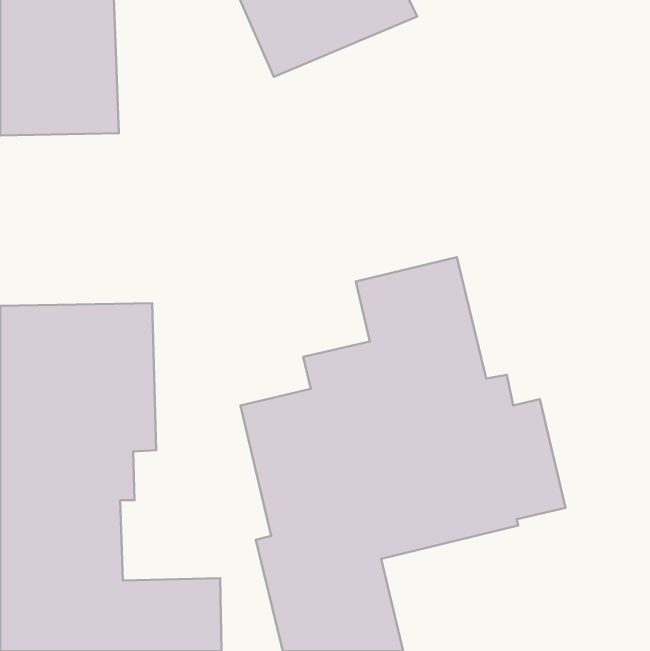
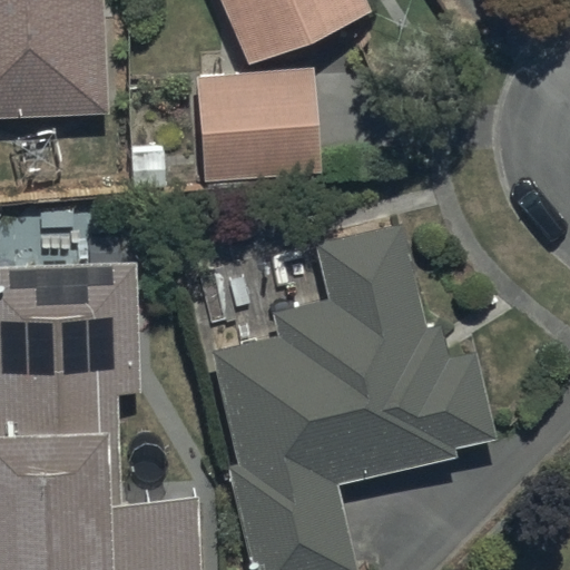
building: none -> [190,69,322,177]

